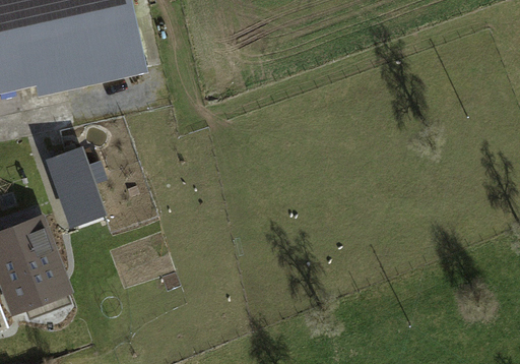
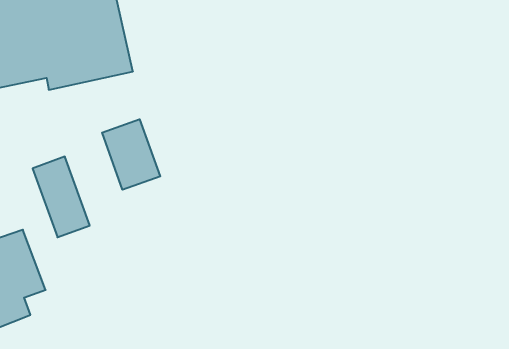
building: none -> [102,119,160,190]

